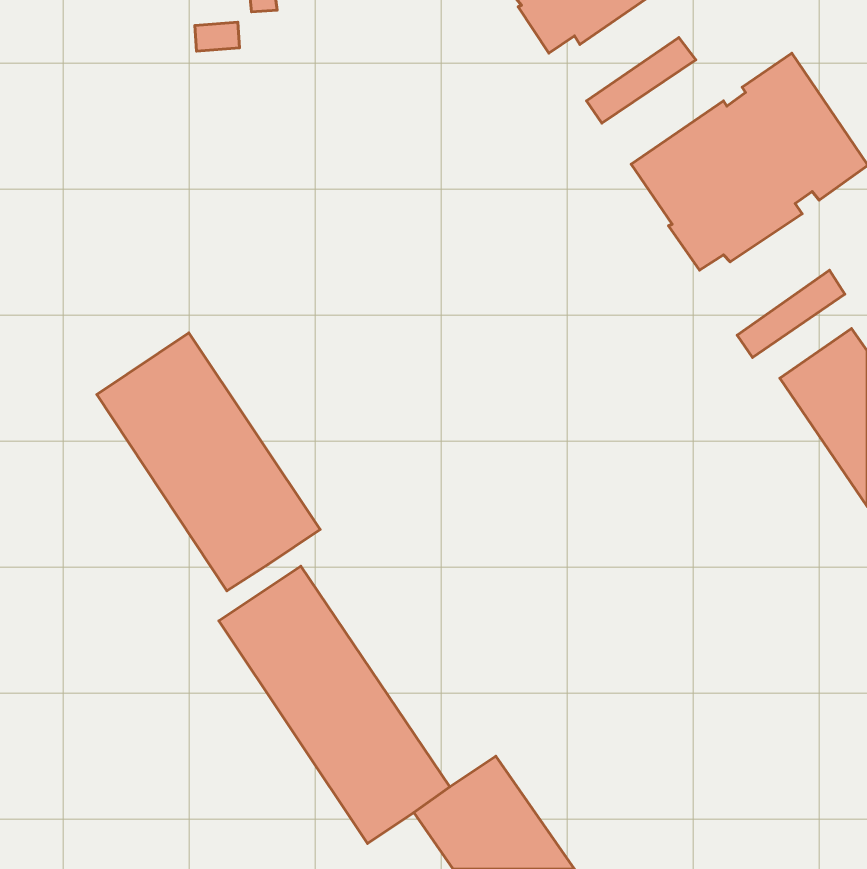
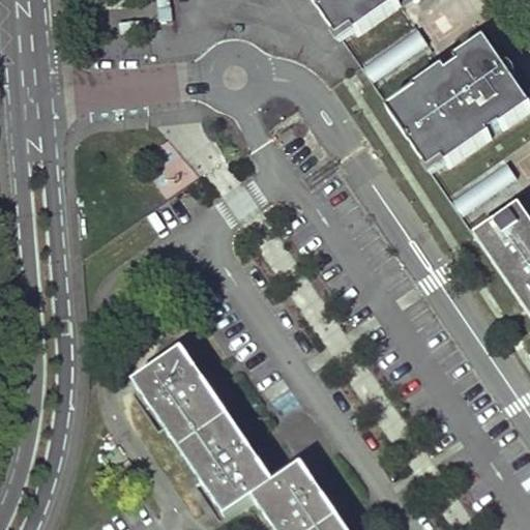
building: [97,333,320,591] -> none

